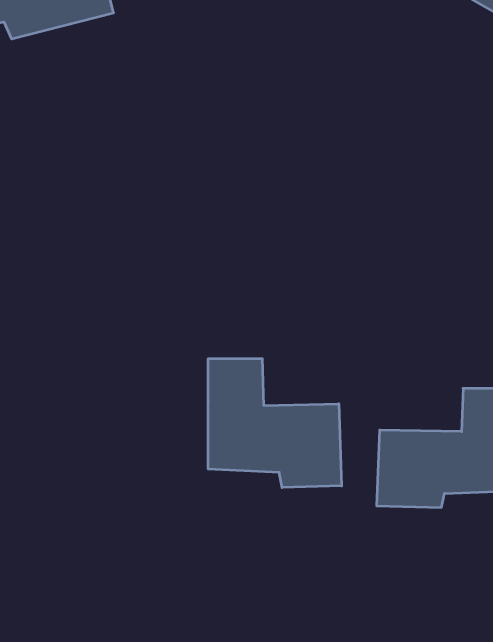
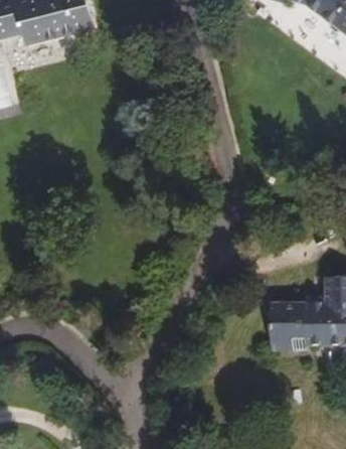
building: [208,359,342,488] -> none

